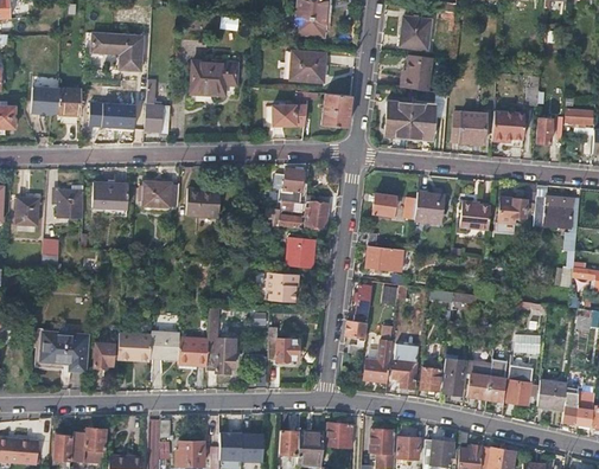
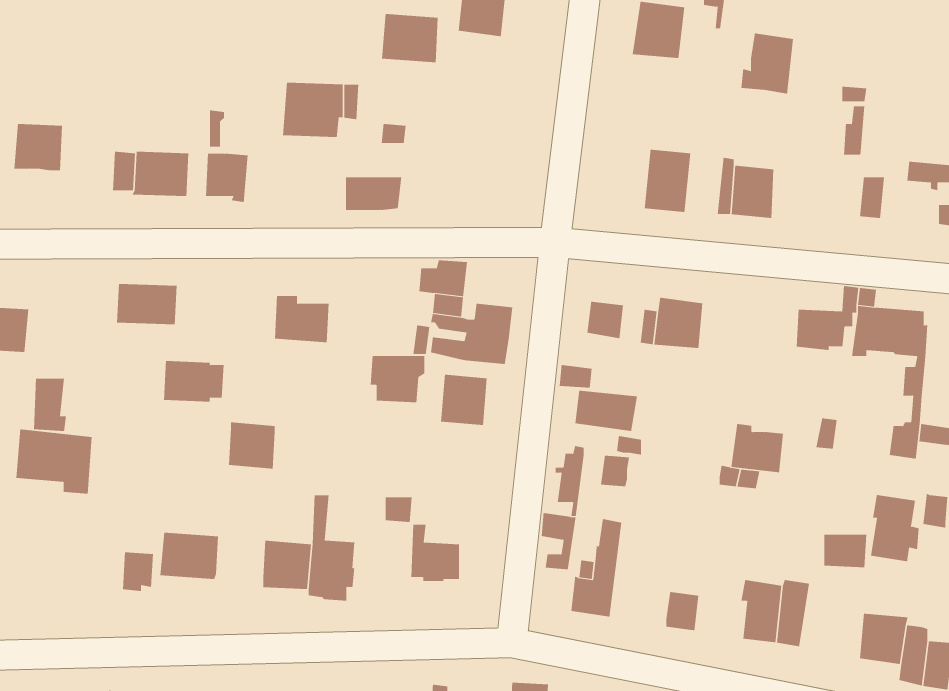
building: [91,30,142,71] -> none
building: [291,51,325,81] -> [381,13,438,63]
building: [400,53,432,90] -> [740,33,794,94]
building: [58,88,82,115] -> none
building: [323,92,351,127] -> none
building: [384,99,412,137] -> none
building: [273,104,307,124] -> [345,177,402,210]
building: [492,110,525,146] -> none
building: [142,181,179,206] -> [163,361,224,402]
building: [50,189,83,217] -> none
building: [459,200,491,230] -> [731,424,784,473]
building: [266,274,299,302] -> [370,356,425,403]
building: [42,330,88,370] -> [16,429,93,494]
building: [152,330,180,359] -> [228,422,276,469]
building: [393,343,419,387] -> none
building: [442,358,466,394] -> none
building: [506,365,536,405] -> [870,495,920,562]

